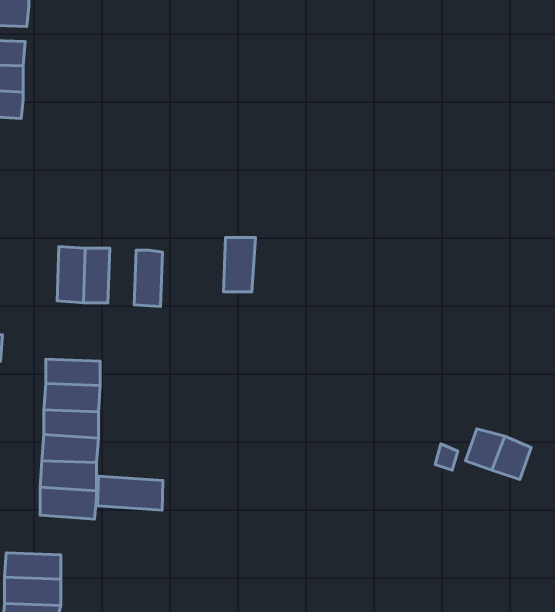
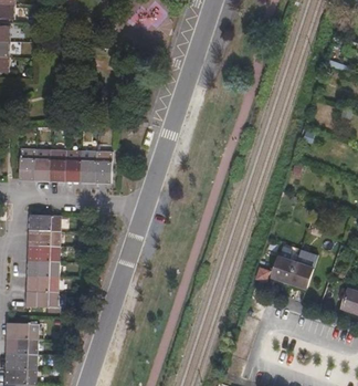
building: [224,237,256,292] -> [95,149,114,181]
building: none -> [18,146,35,178]
building: none -> [64,147,81,180]
building: [98,476,163,510] -> none

